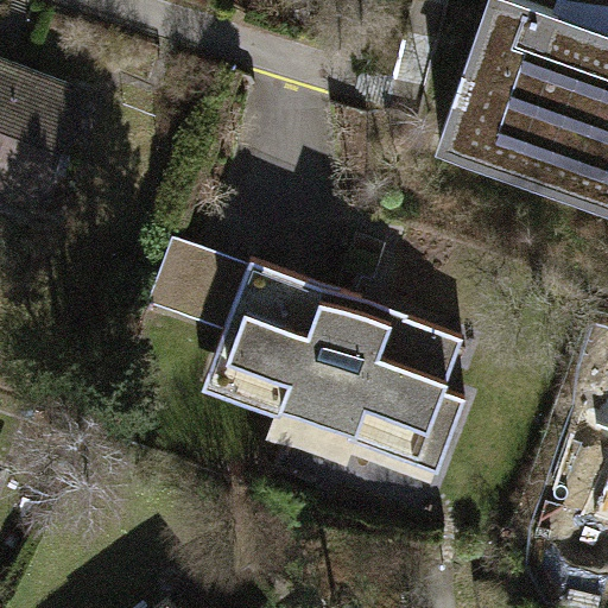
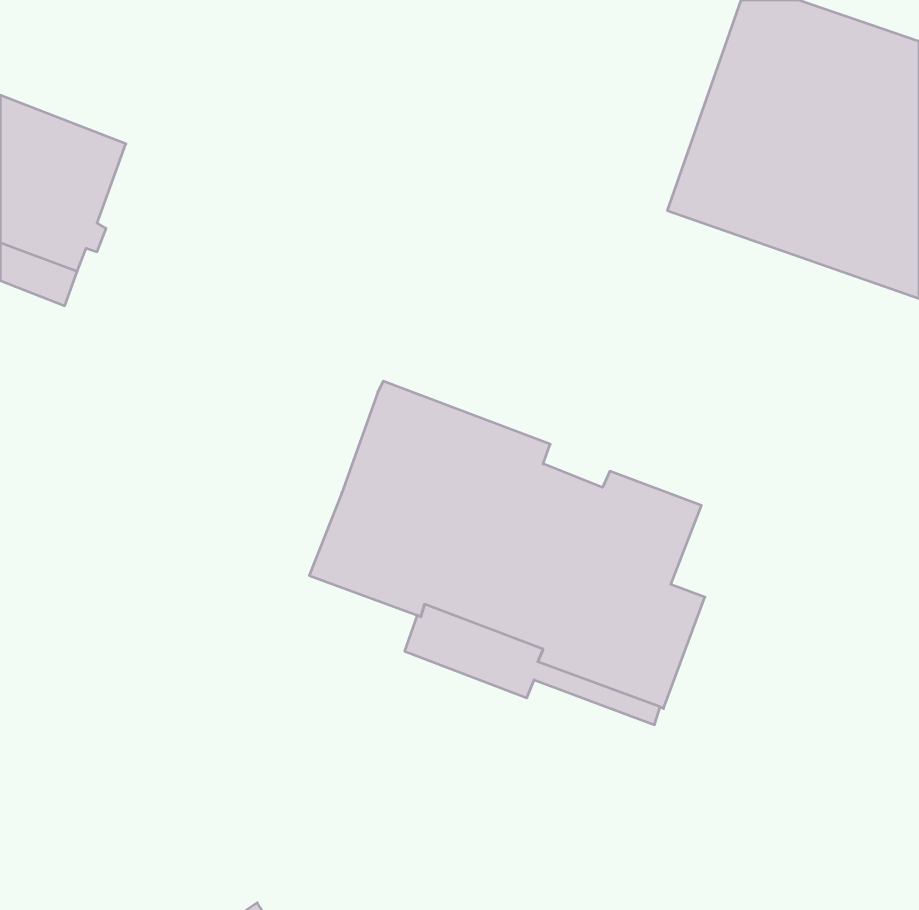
building: [148,238,249,331] -> none

